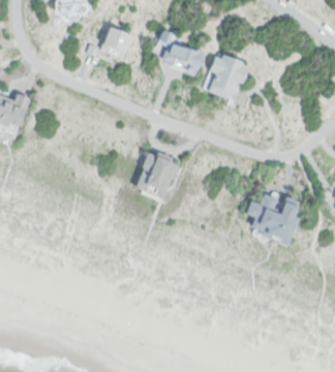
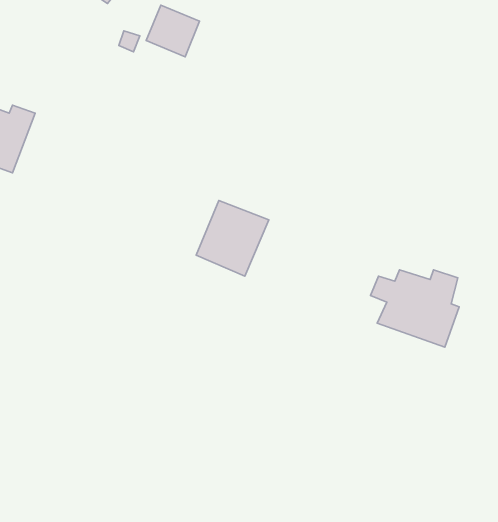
building: [155,30,206,78] -> none
building: [203,55,249,98] -> none

